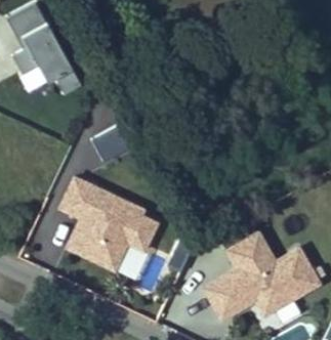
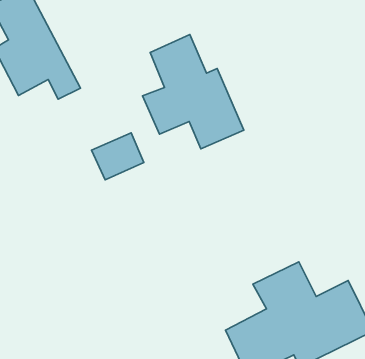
building: none -> [143,35,244,149]
building: [57,175,164,280] -> none

